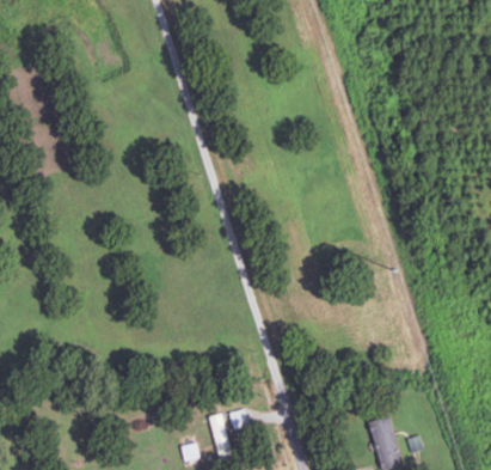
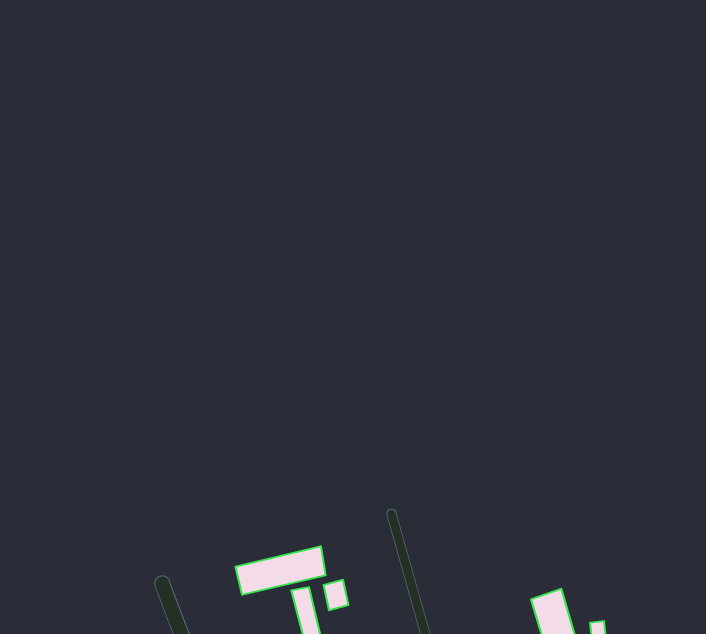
building: none -> [235,546,326,595]

